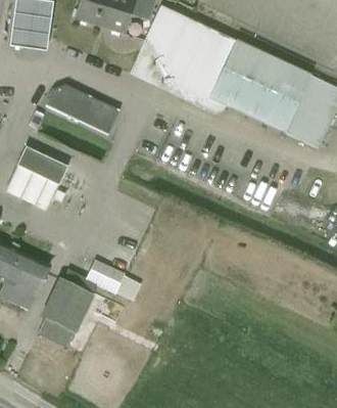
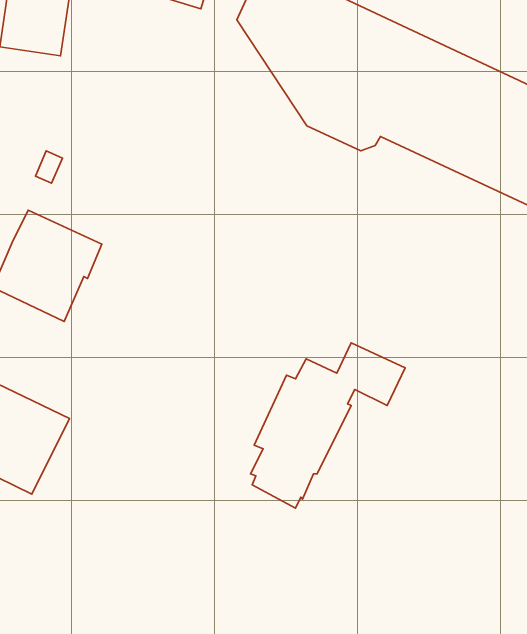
building: [46,84,119,134] -> none
building: [38,259,126,353] -> [251,343,405,508]

